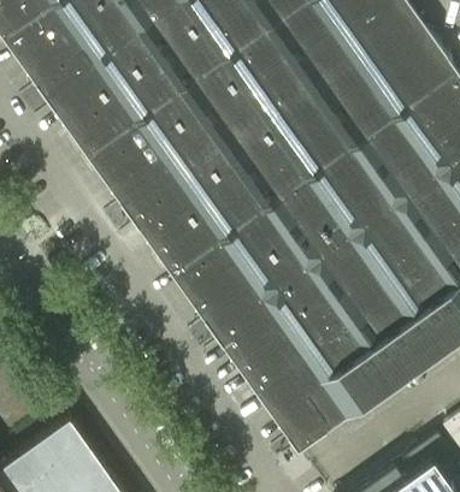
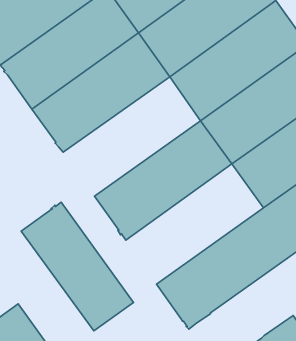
building: [131,117,315,277] -> none
building: [216,233,400,395] -> none
building: none -> [21,202,133,331]

